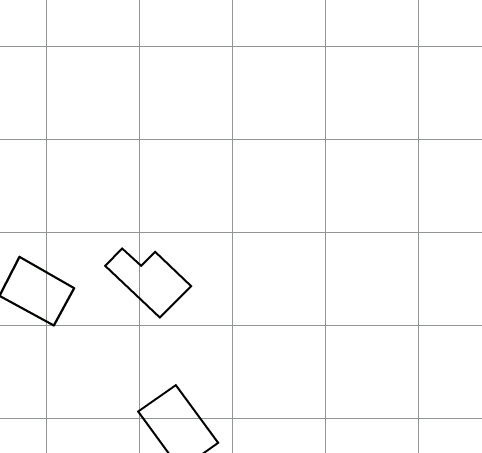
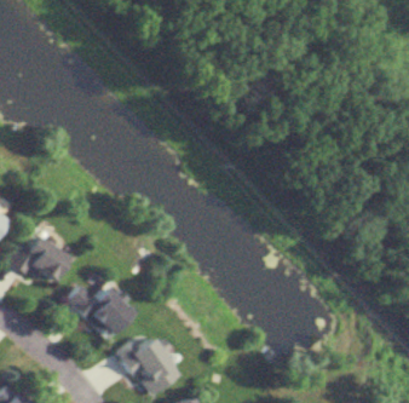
building: [105,249,191,317] -> [65,286,132,339]

